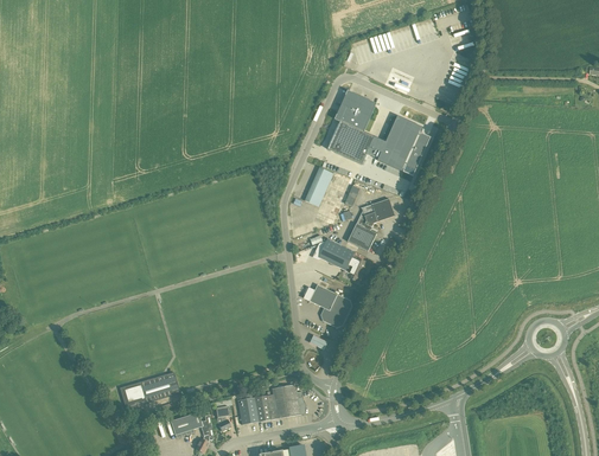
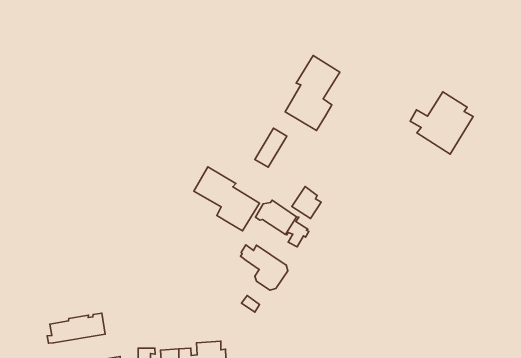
building: [368,115,429,175] -> [410,92,473,154]
building: [357,198,394,227] -> none
building: none -> [194,167,259,231]

